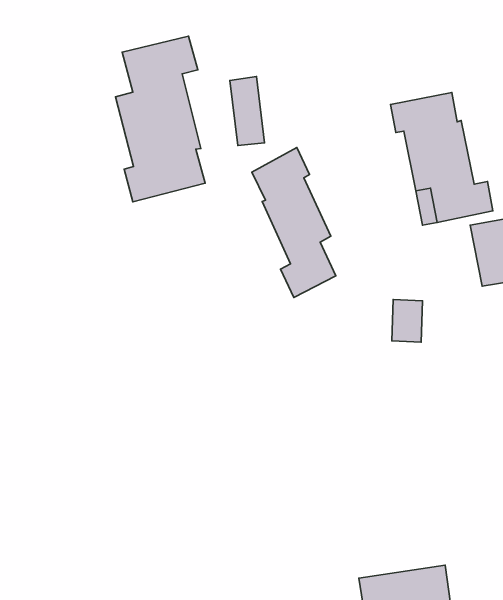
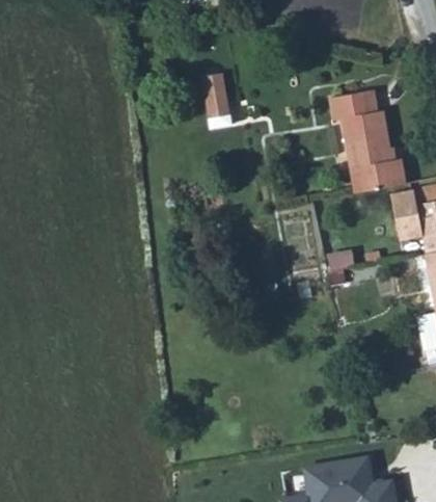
building: [116,36,205,202] -> none
building: [252,147,336,298] -> none

